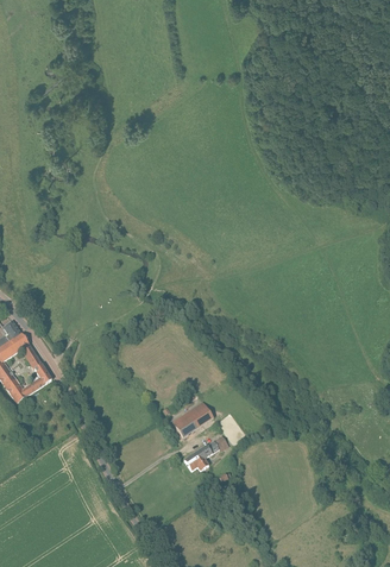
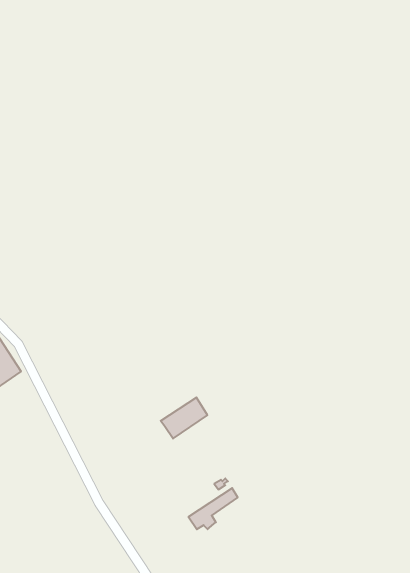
building: [184,435,227,471] -> [188,488,238,529]

